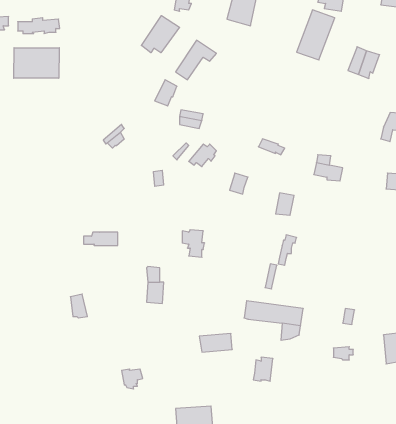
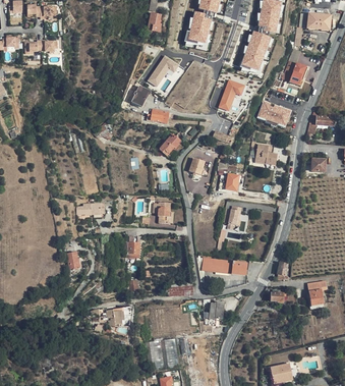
building: [141,16,180,53] -> none
building: [14,48,59,78] -> none
building: none -> [219,78,244,110]
building: none -> [257,100,291,126]

